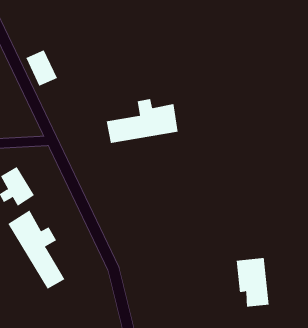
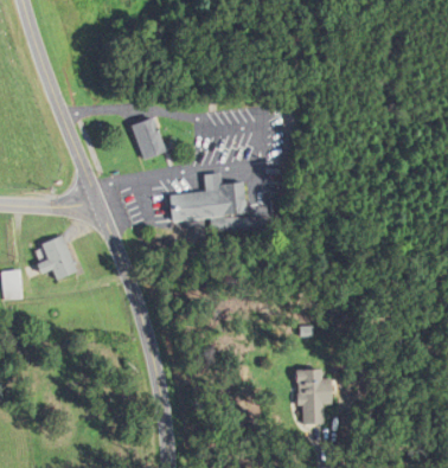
building: [25,50,58,86] -> [130,118,165,160]
building: [8,209,65,289] -> none

